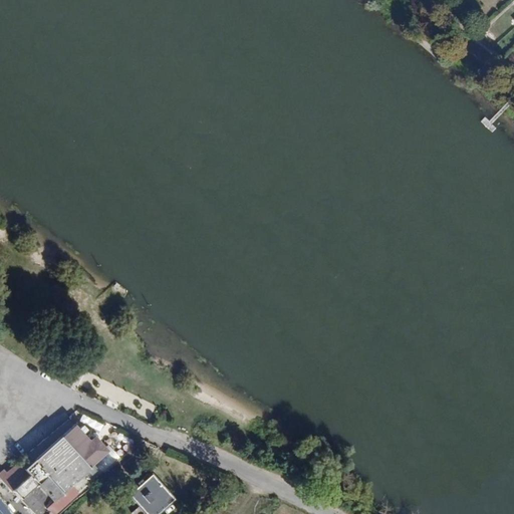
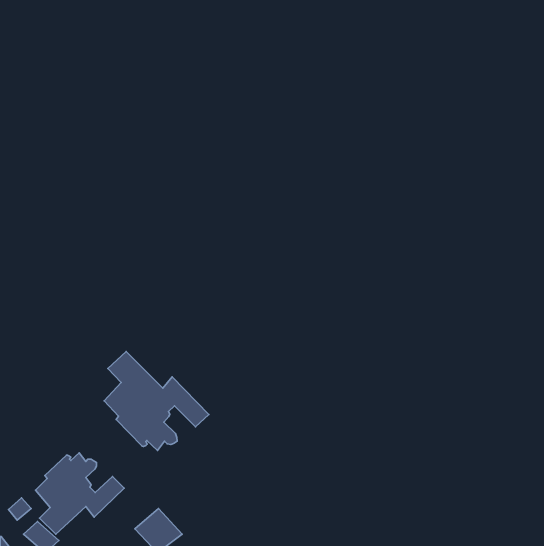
building: none -> [104,352,209,450]

